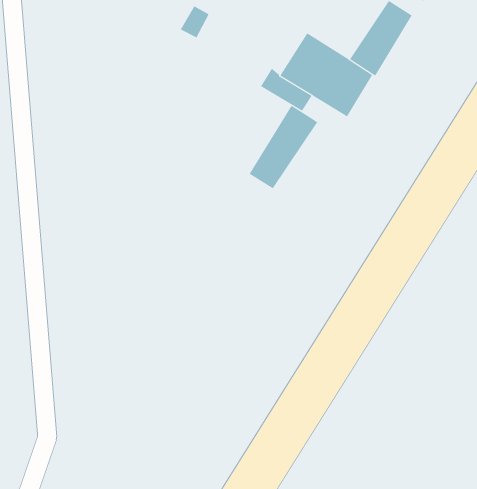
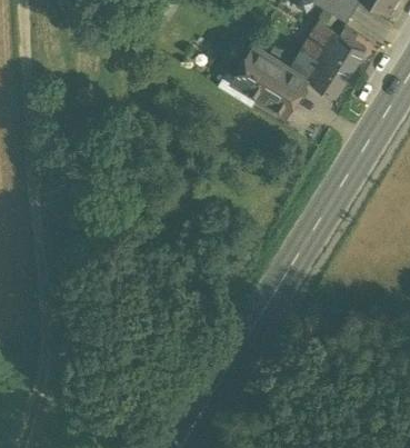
building: none -> [310,31,367,96]
building: [249,105,318,189] -> none

